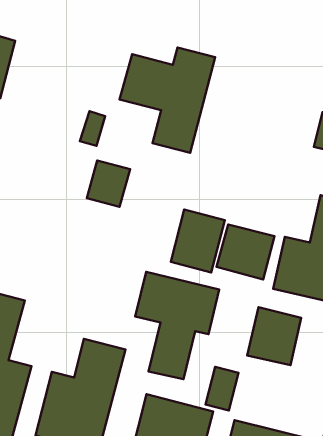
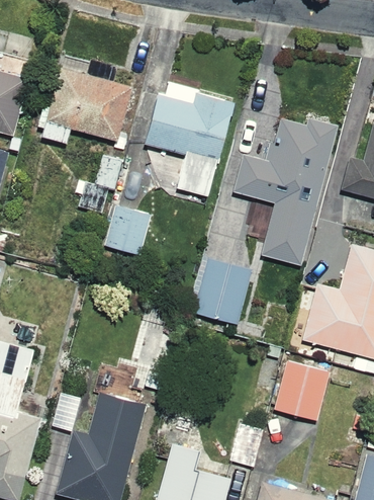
building: none -> [31,67,133,144]
building: none -> [229,114,340,263]
building: [217,224,275,280] -> none
building: [135,272,219,379] -> none

